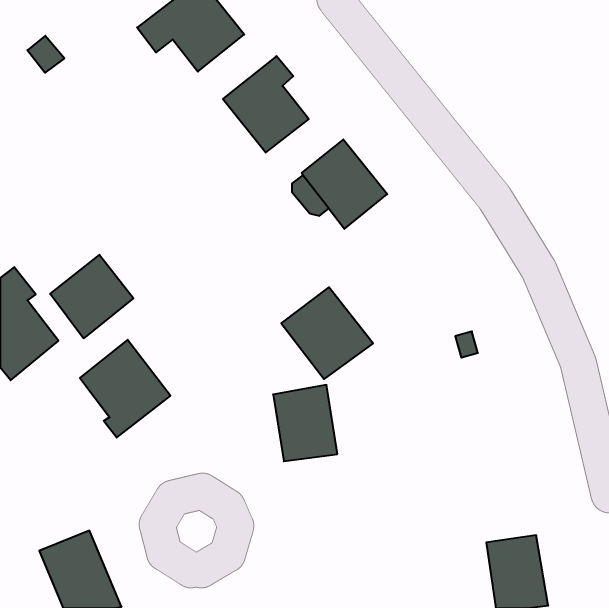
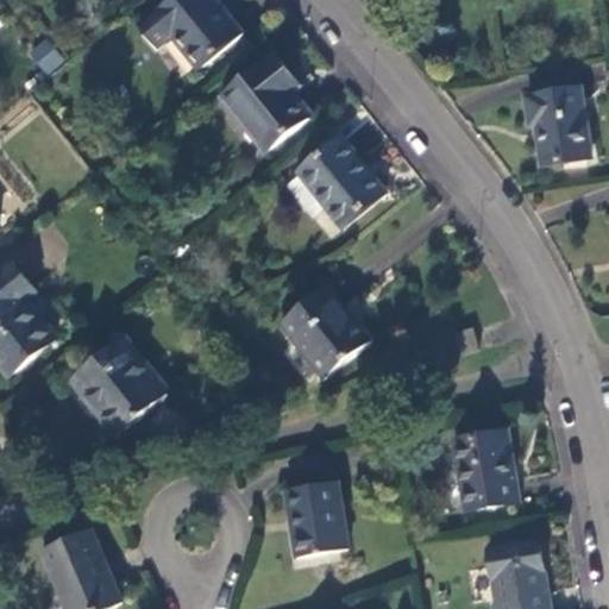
building: none -> [526,90,588,167]
building: [50,255,133,338] -> none
building: [273,385,337,461] -> [277,476,341,552]
building: none -> [447,425,516,504]

